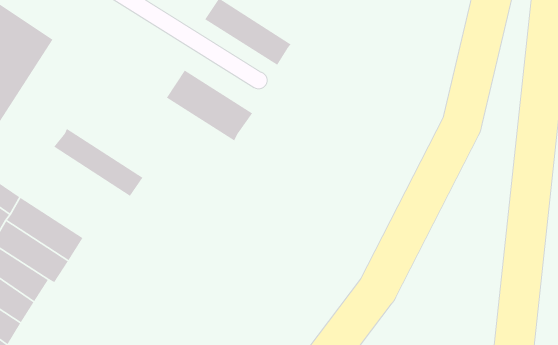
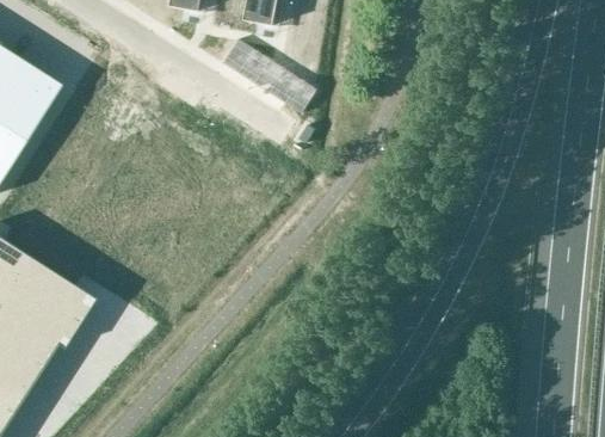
building: [166,70,253,142] -> none
building: [53,128,144,197] -> none

